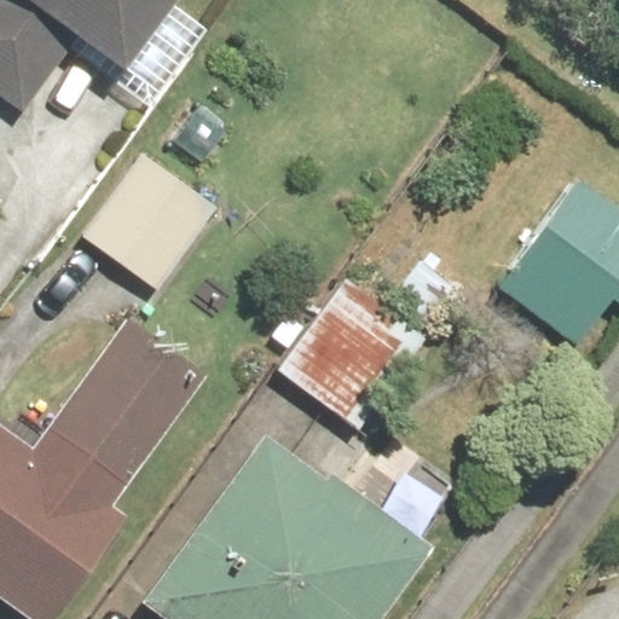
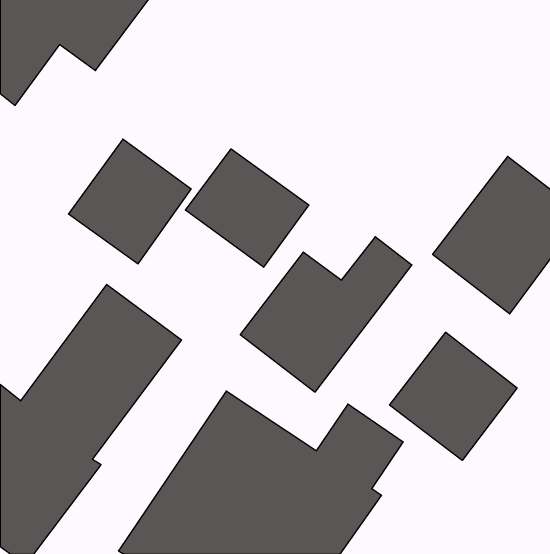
building: none -> [185,149,309,267]
building: none -> [390,332,517,460]

